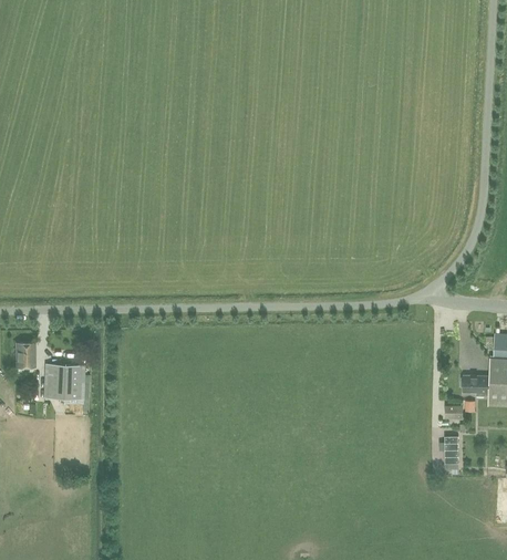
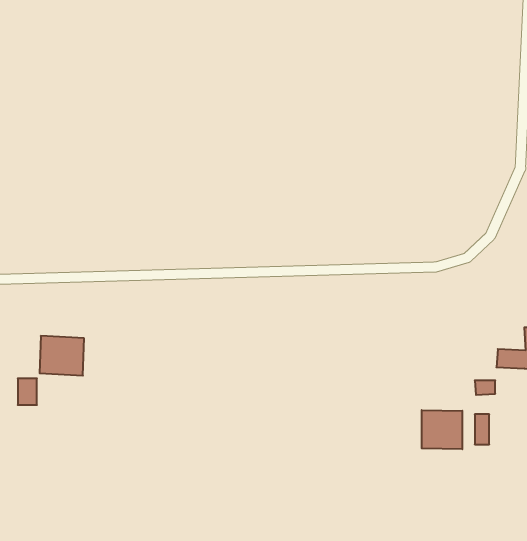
building: [15,342,33,366] -> [18,378,37,405]
building: none -> [422,410,462,449]

